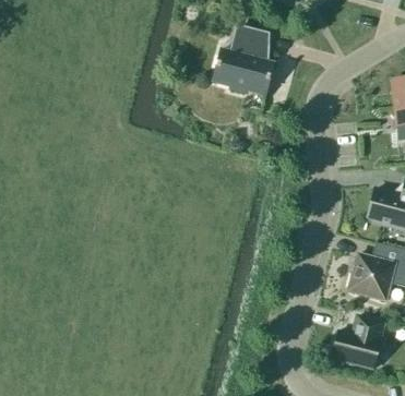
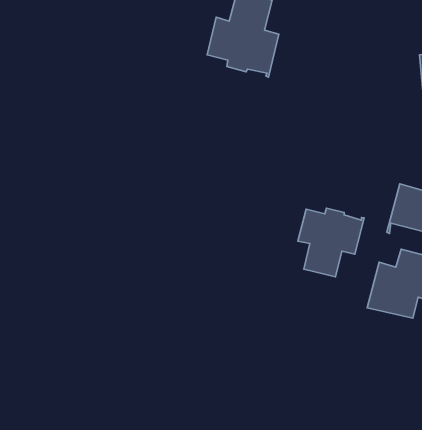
building: none -> [298,208,364,277]
building: [332,315,384,368] -> none

